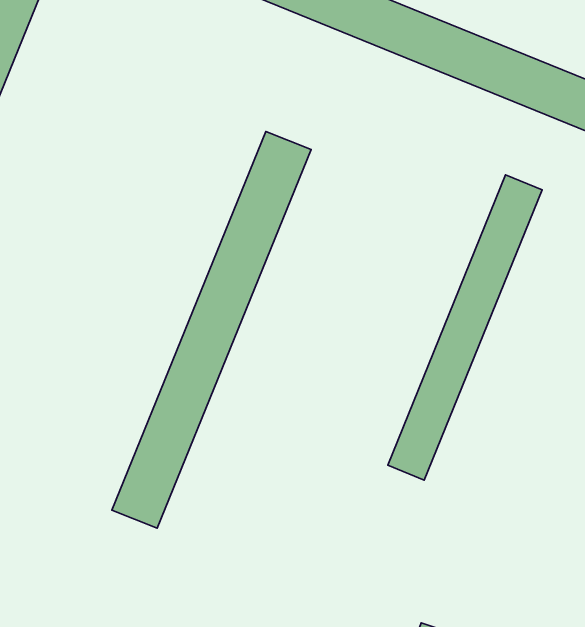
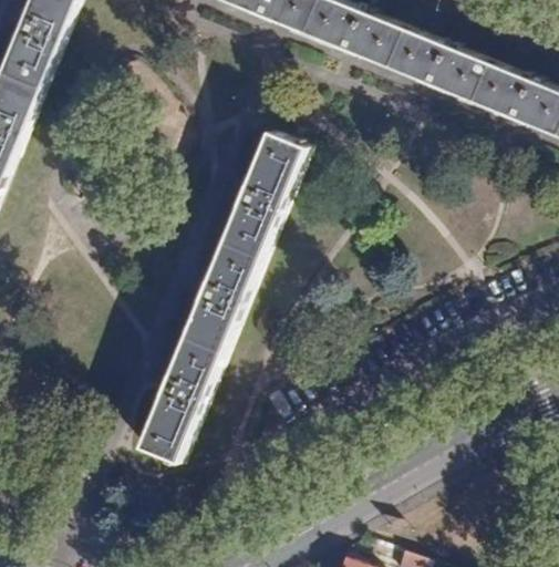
building: [388,175,542,480] -> none

